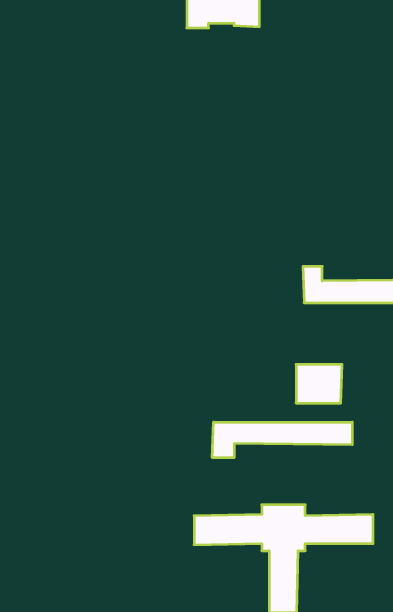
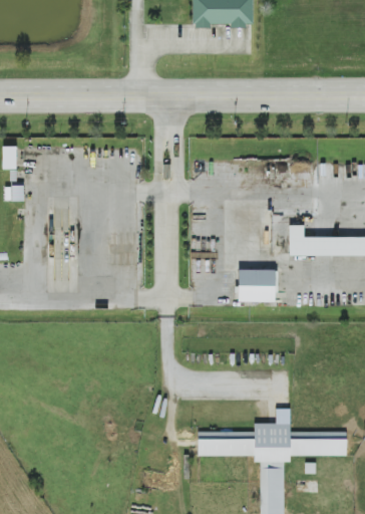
building: [296,364,342,403] -> [239,269,277,301]
building: [212,422,352,458] -> none

